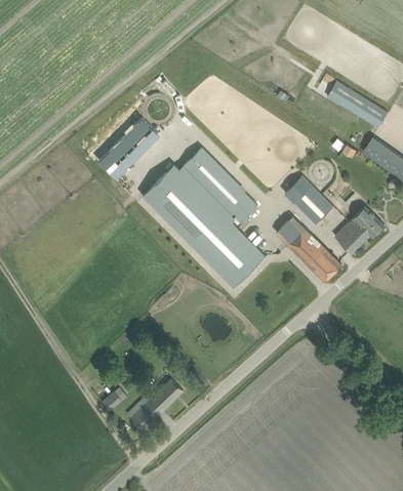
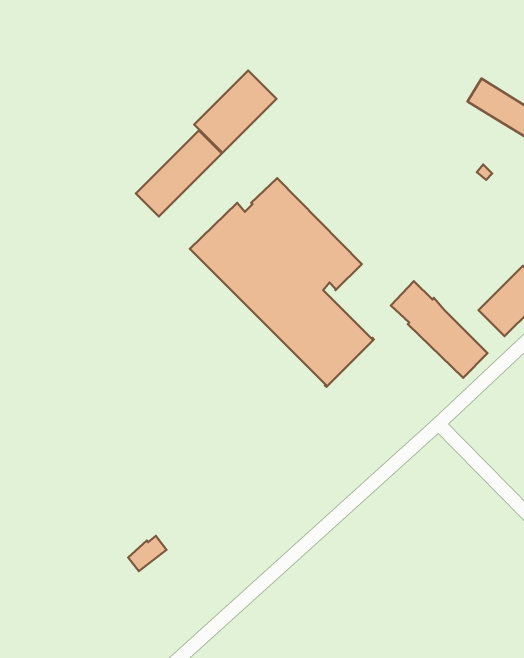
building: none -> [194,70,277,153]
building: [293,182,333,222] -> none
building: [126,379,183,431] -> none

